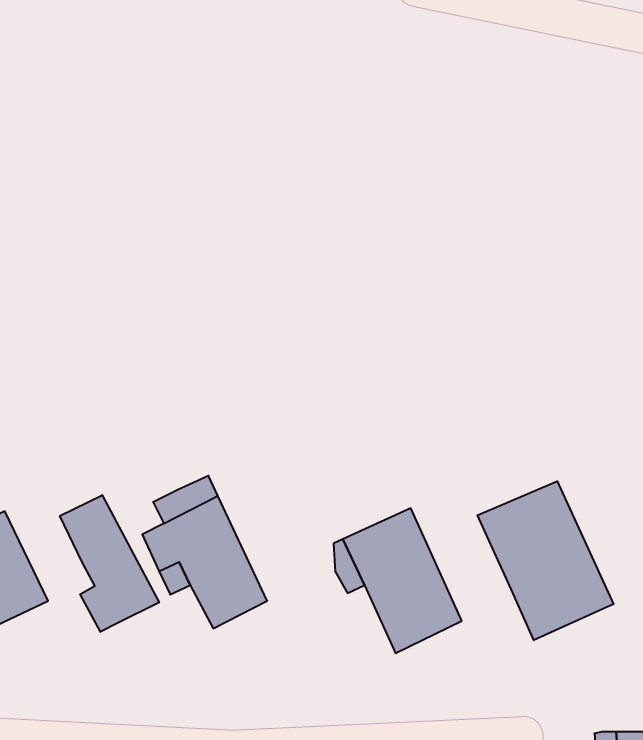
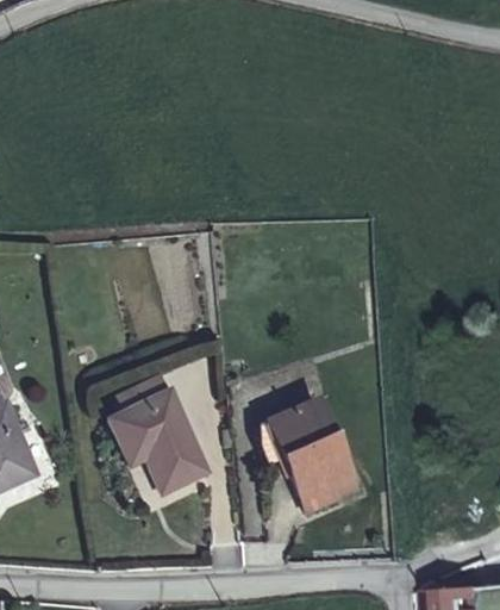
building: [478,481,614,640] -> none
building: [60,495,159,632] -> none

